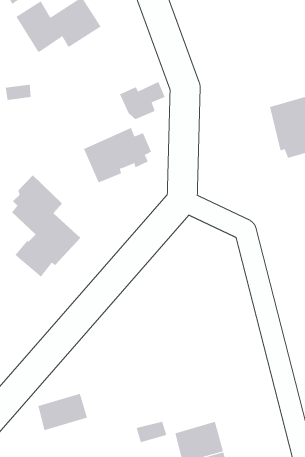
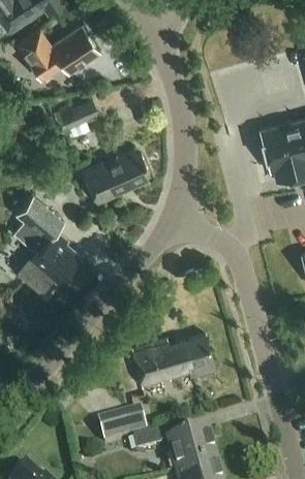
building: [119,81,165,120] -> [53,96,97,133]
building: none -> [130,331,216,385]
building: [37,393,88,431] -> [98,406,147,442]

